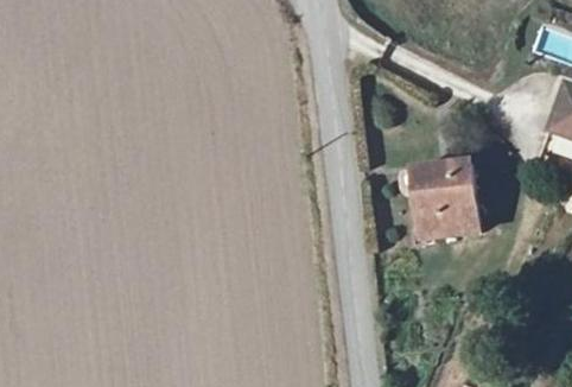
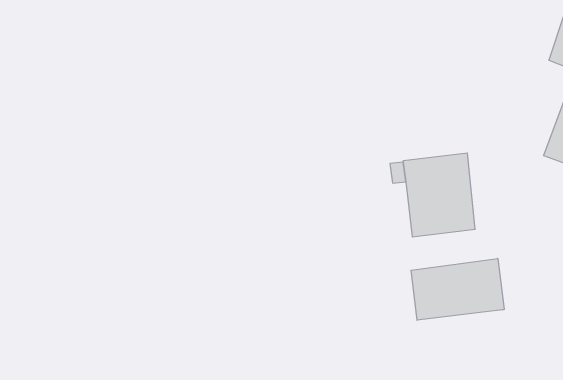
building: none -> [411,258,504,320]

